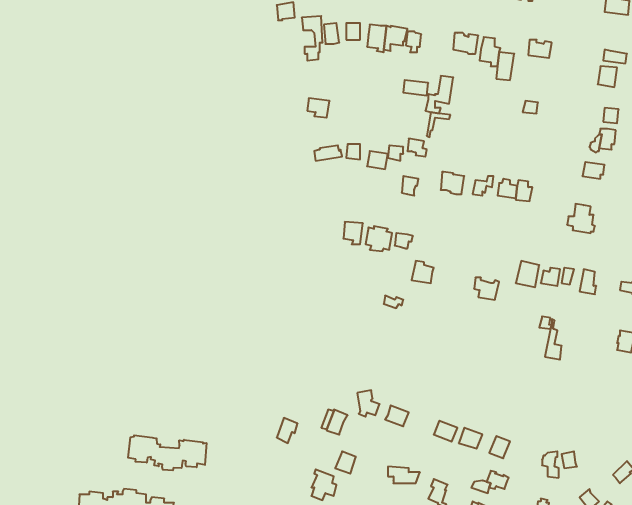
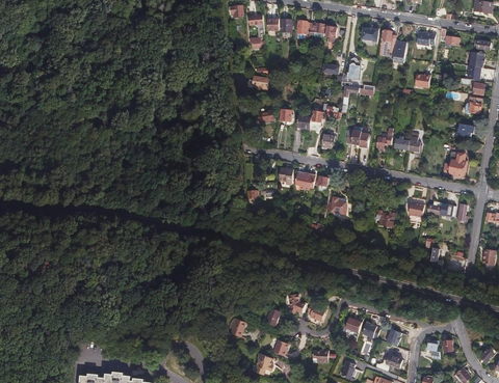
building: [128,435,206,470] -> none

